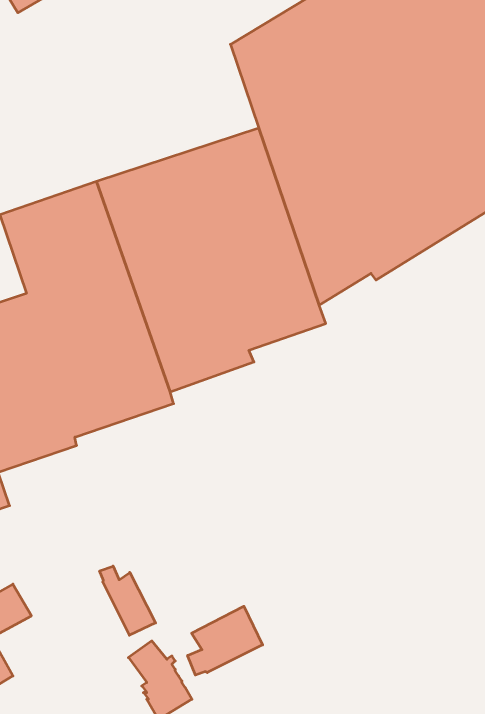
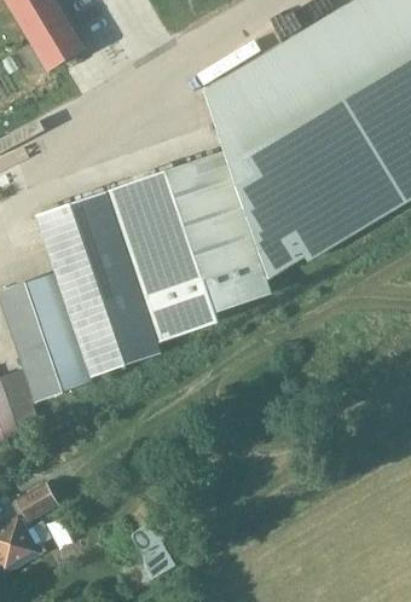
building: [100,566,156,635] -> none
building: [188,606,263,675] -> none

